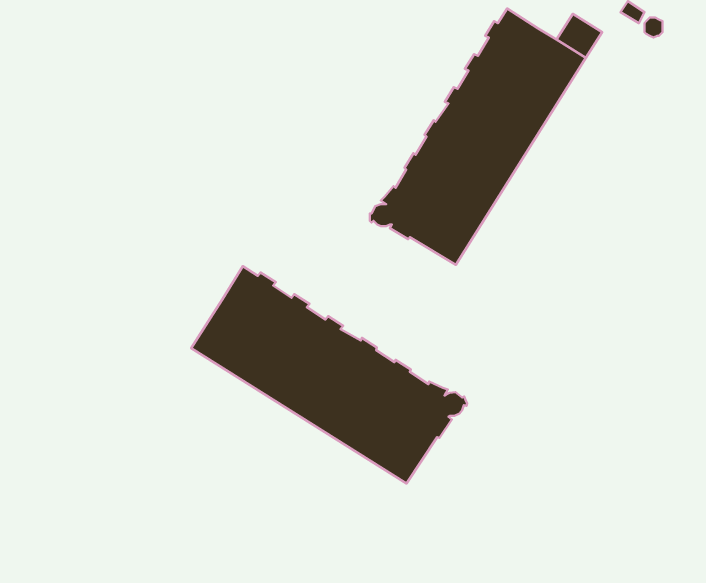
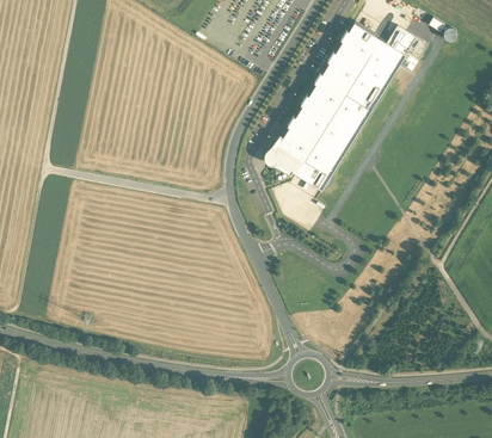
building: [191,266,467,483] -> none

